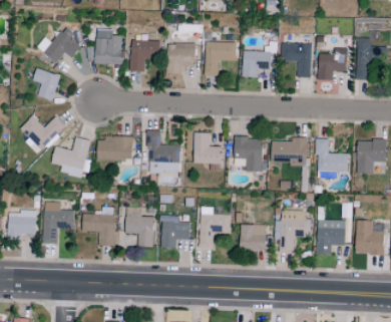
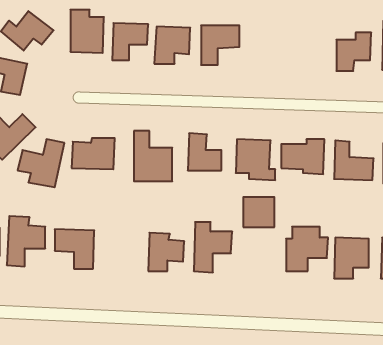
building: [281,43,312,77] -> none
building: [242,51,271,77] -> none
building: [125,208,153,248] -> none
building: [240,225,266,250] -> [243,197,274,227]

